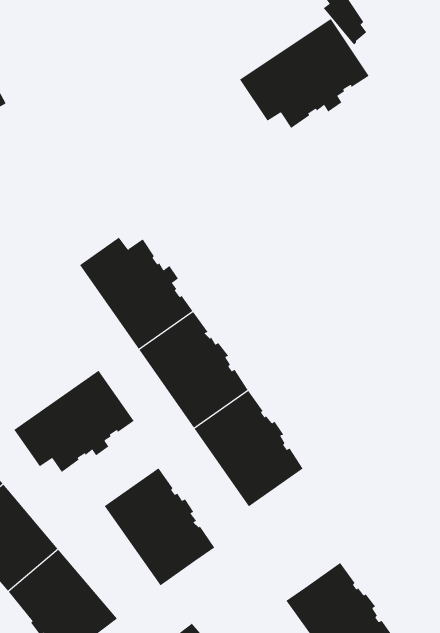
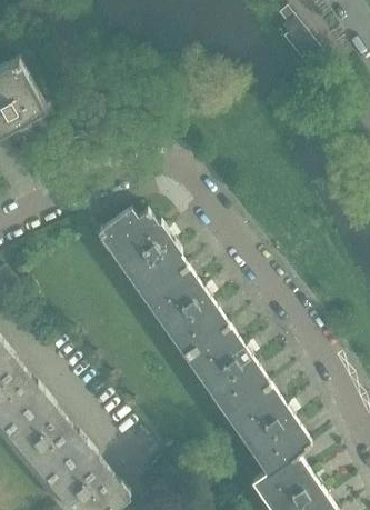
building: [239,18,370,129] -> none
building: [13,370,134,473] -> none
building: [104,467,215,586] -> [226,383,309,472]

